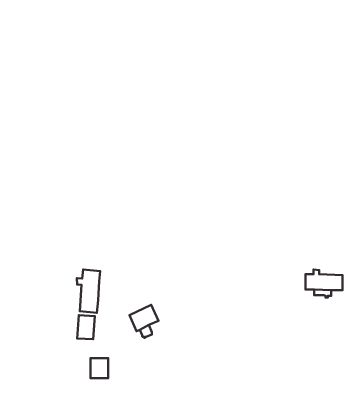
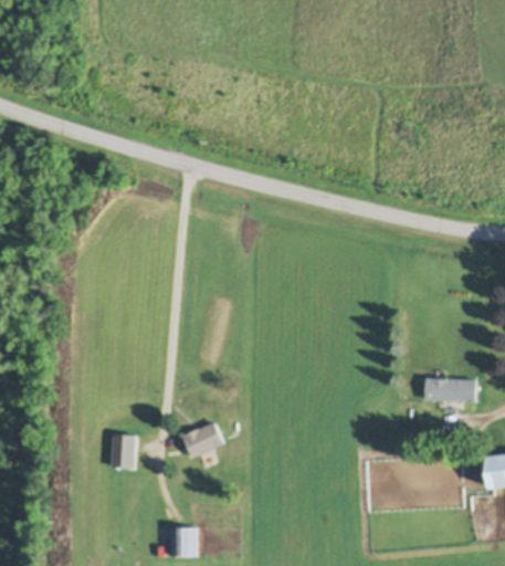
building: [77,270,100,313] -> none
building: [90,358,108,378] -> [170,527,194,555]

